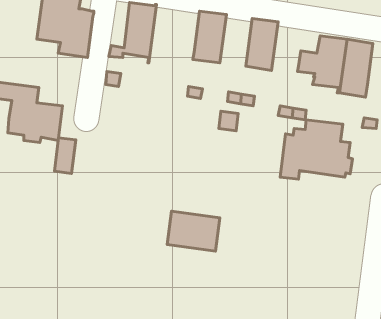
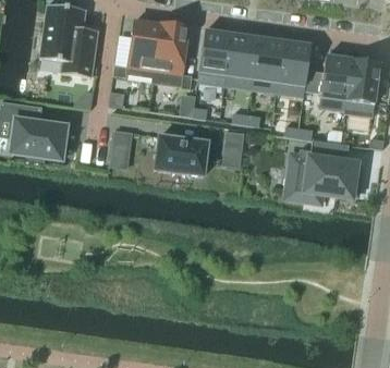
building: none -> [154,24,193,89]
building: none -> [226,34,258,86]
building: none -> [278,41,312,94]
building: [54,138,76,173] -> [110,132,132,168]
building: [167,211,220,251] -> [155,138,208,179]

